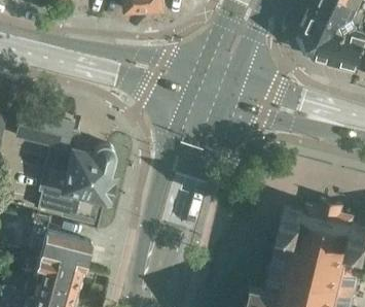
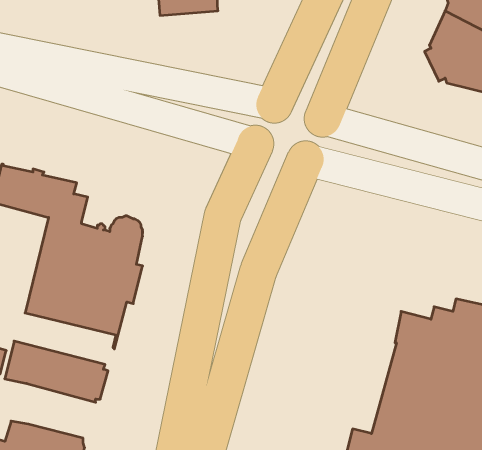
building: [32,254,83,291] -> none

